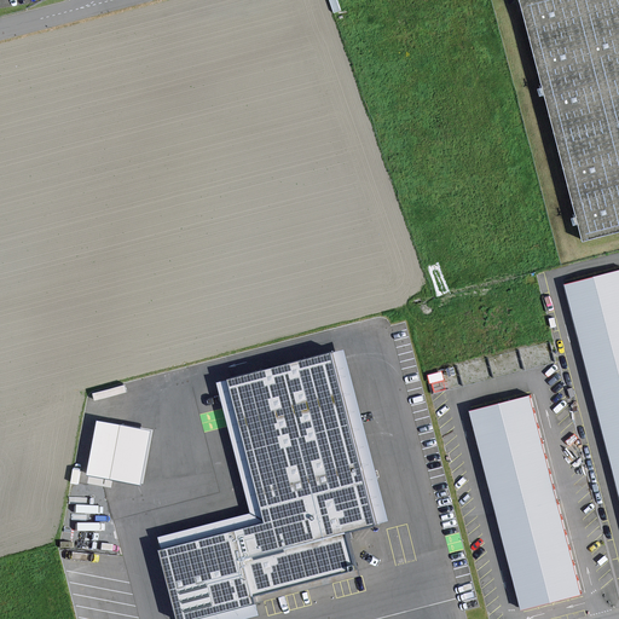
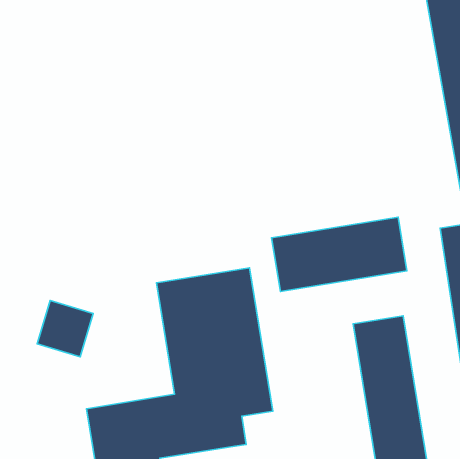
building: none -> [272,217,407,292]

